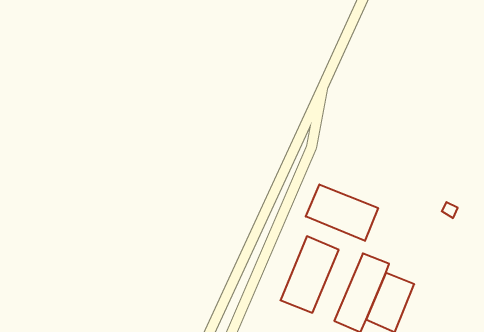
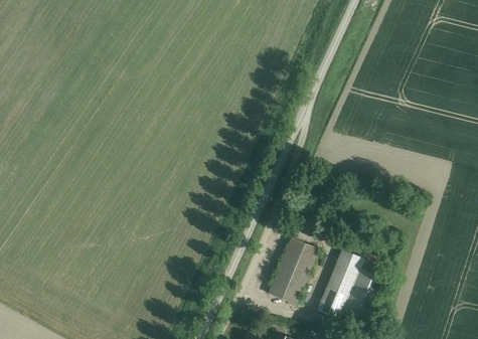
building: [306,184,378,241] -> none

